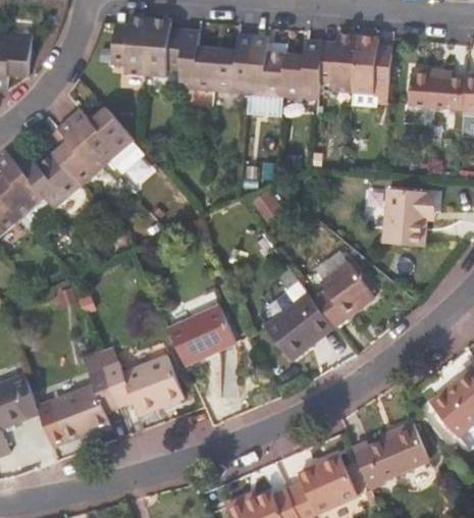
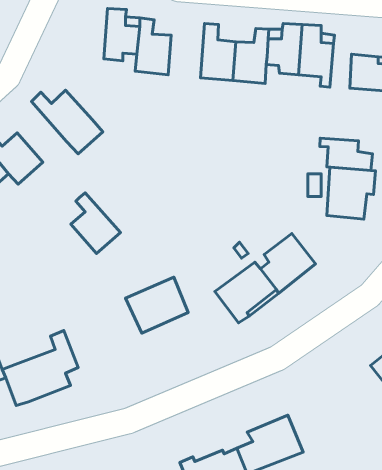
building: [110,17,149,73] -> none
building: [214,35,253,94] -> none
building: [52,119,105,185] -> [71,193,120,253]
building: none -> [320,138,373,170]
building: [103,354,183,409] -> none
building: [352,422,428,489] -> none

